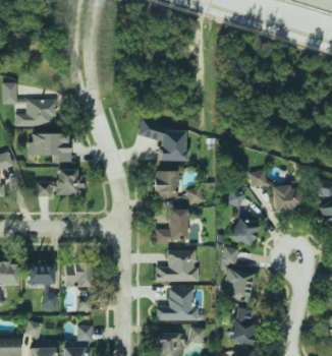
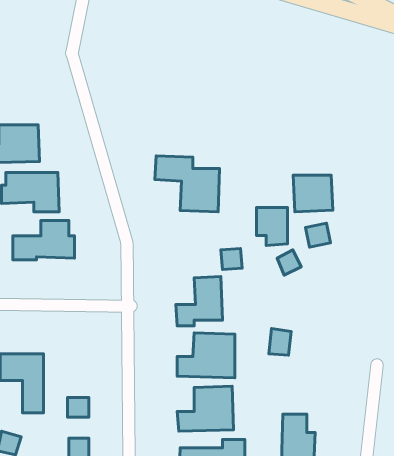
building: [155,171,177,198] -> [256,207,287,245]
building: [273,186,301,213] -> [293,175,333,212]
building: [229,214,261,246] -> none
building: [65,265,92,287] -> none
building: [223,269,254,302] -> none

